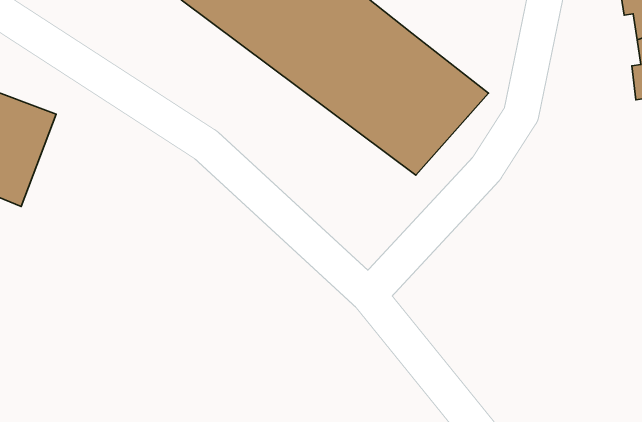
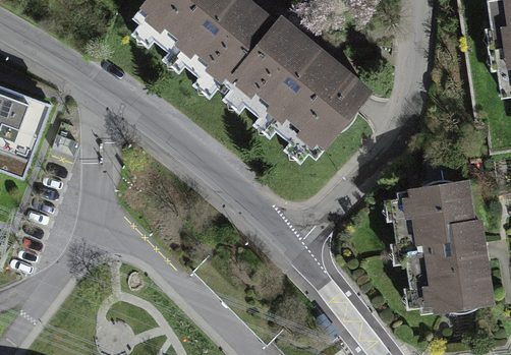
building: none -> [394,182,490,315]

